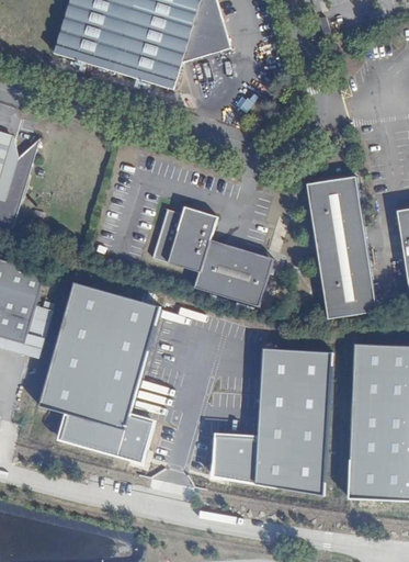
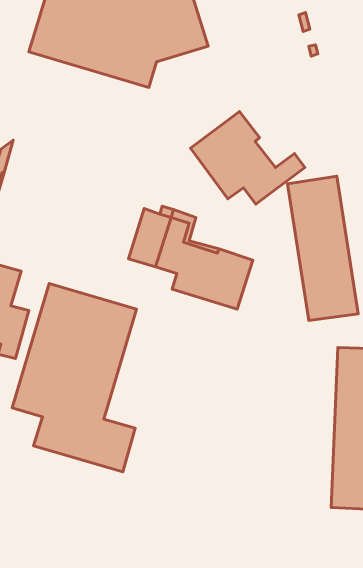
building: none -> [190,111,305,204]
building: [209,349,330,487] -> none

